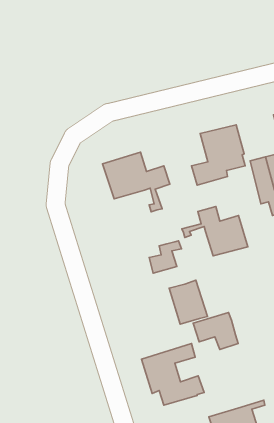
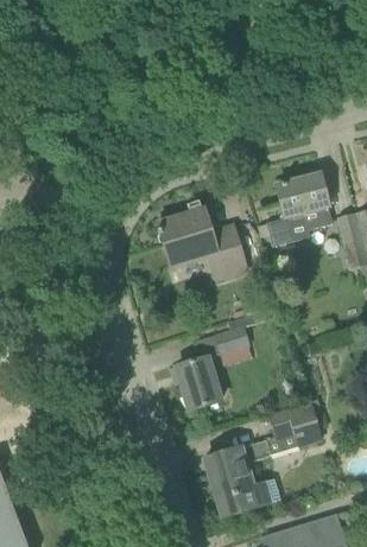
building: [182,206,248,256] -> none
building: [169,280,207,324] -> [177,356,223,409]

